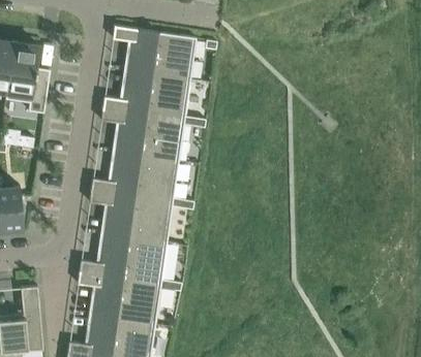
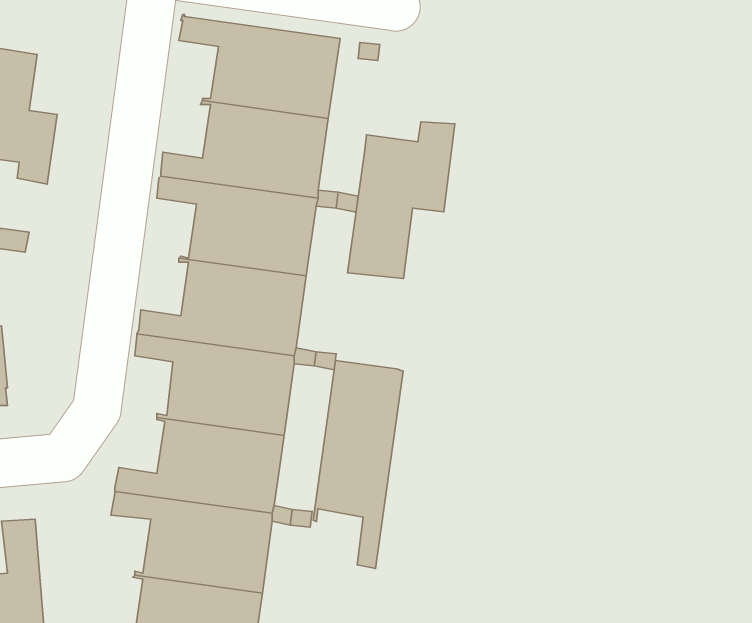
building: none -> [347,122,455,279]
building: none -> [313,360,403,569]

